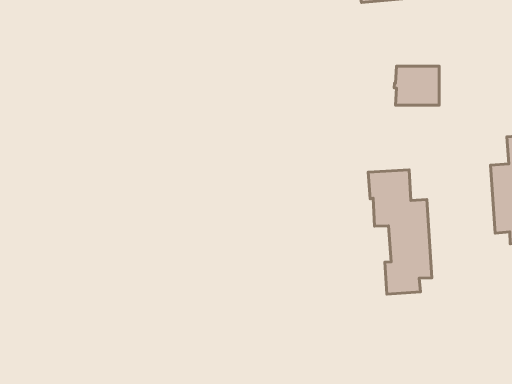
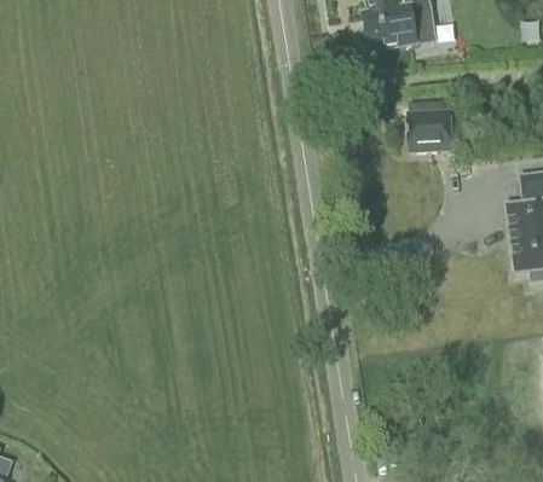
building: [368,170,432,294] -> none

